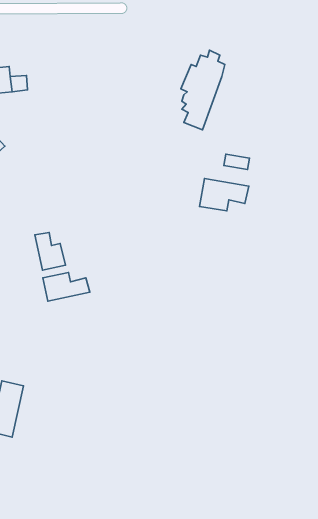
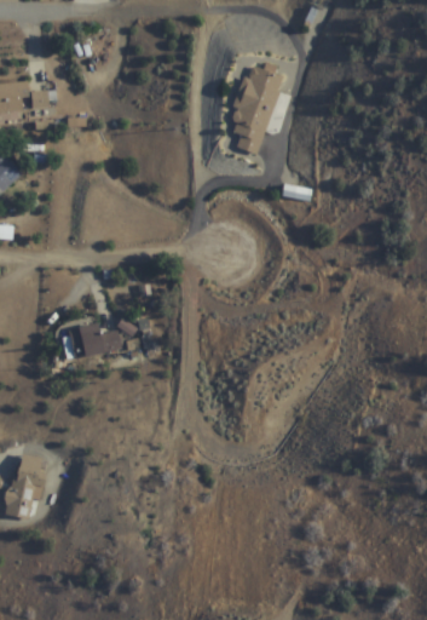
building: [200,178,249,211] -> none
building: [35,232,65,270] -> none

